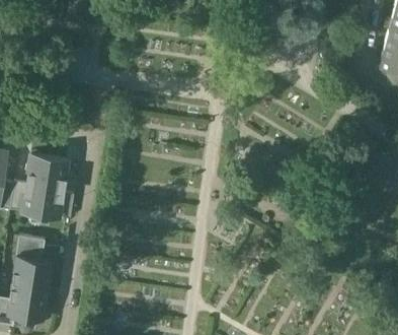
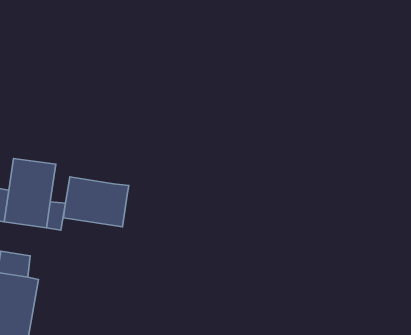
building: none -> [64,177,129,227]

